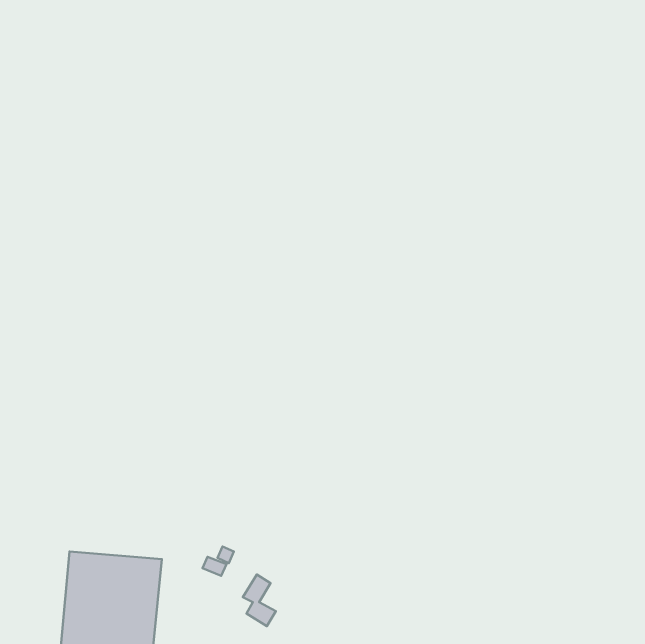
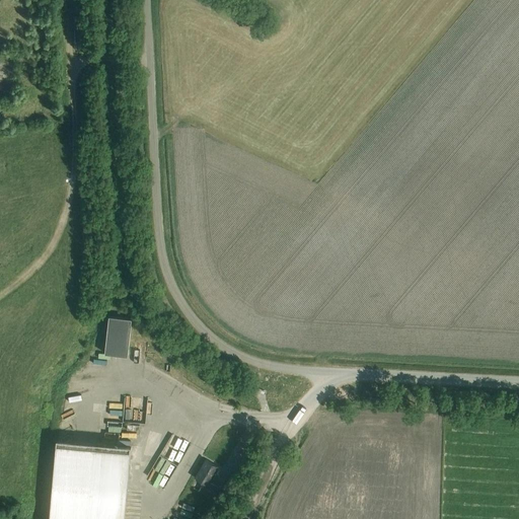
building: none -> [104,318,131,358]

